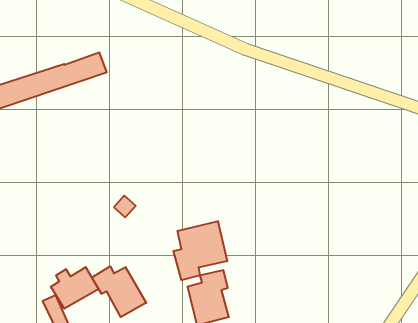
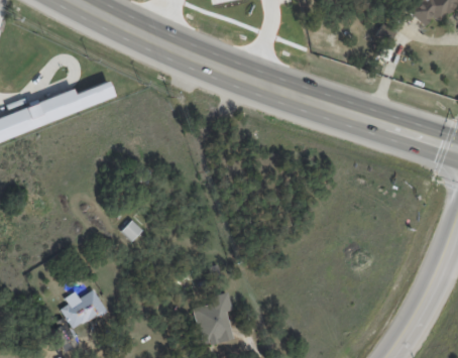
building: [174,221,227,280] -> none
building: [92,266,146,317] -> none

